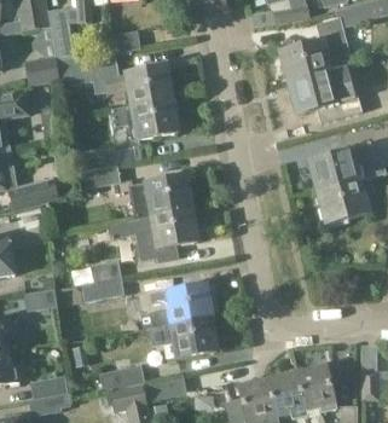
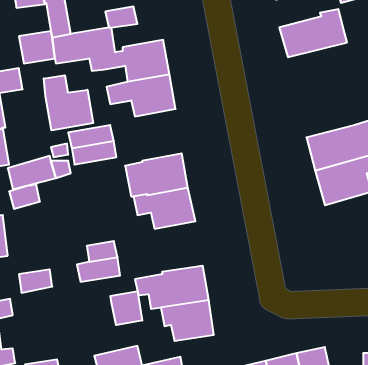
building: [288,65,352,115] -> none
building: none -> [44,75,93,130]
building: none -> [110,291,142,325]

